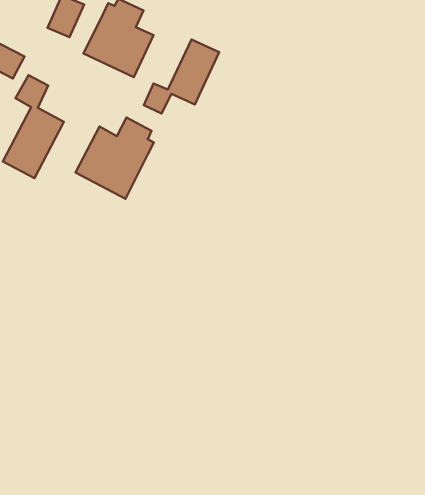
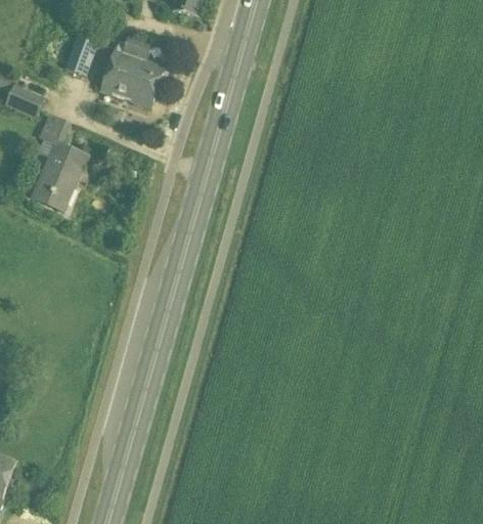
building: [144,39,219,113] -> none
building: [75,118,154,199] -> none

